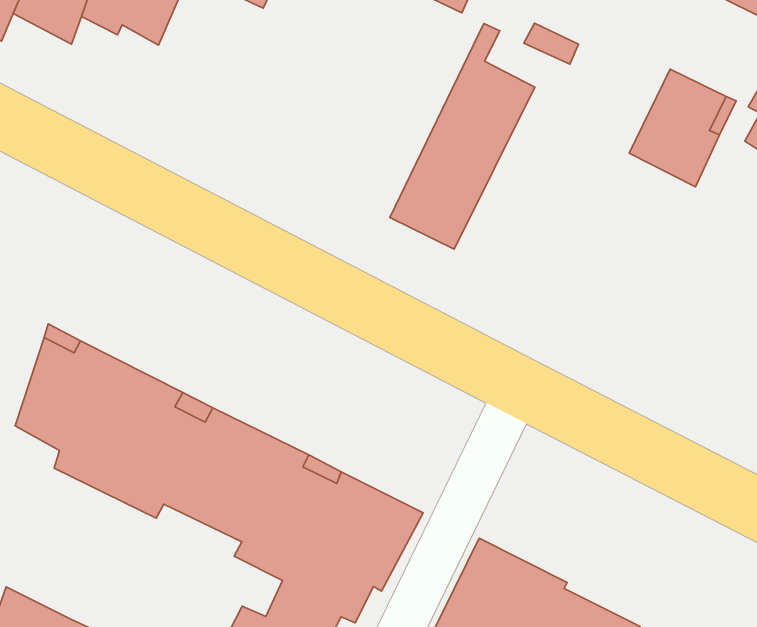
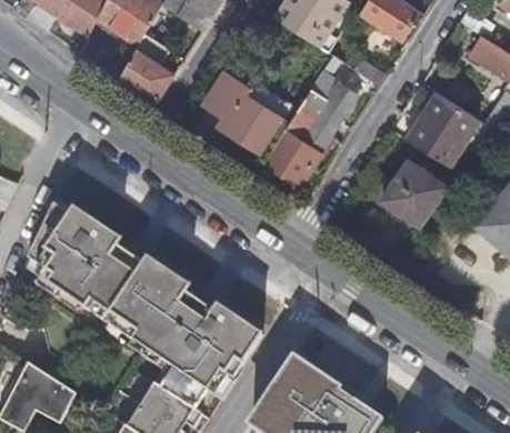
building: none -> [118,32,174,103]
building: none -> [204,72,294,151]
building: none -> [383,161,463,224]

